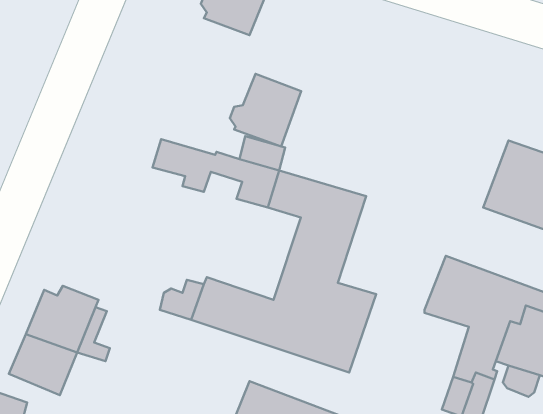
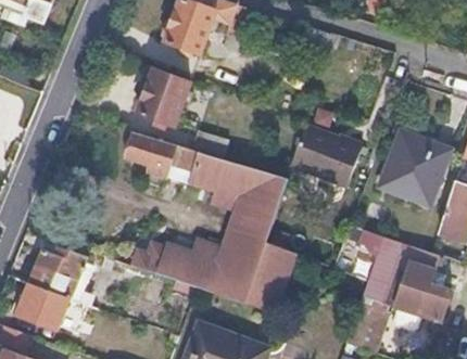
building: [230,74,301,147] -> [135,72,189,127]
building: none -> [290,121,362,184]

